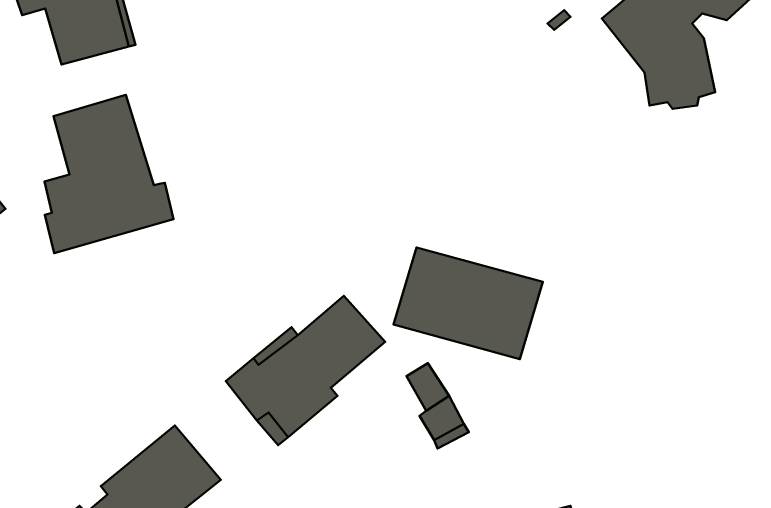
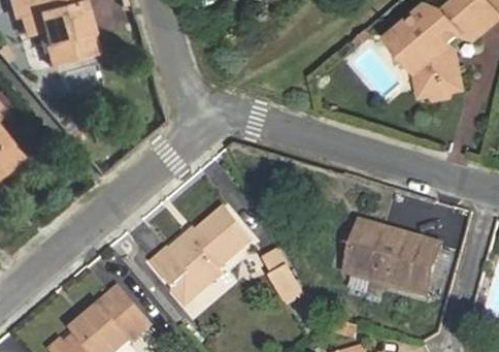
building: [44,95,173,253] -> none
building: [393,247,543,359] -> [348,224,442,294]

